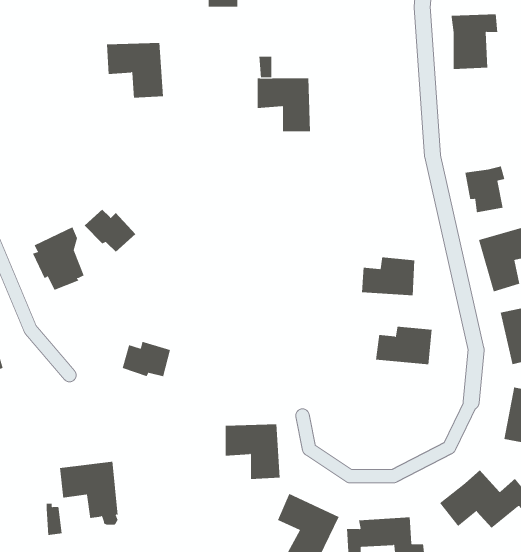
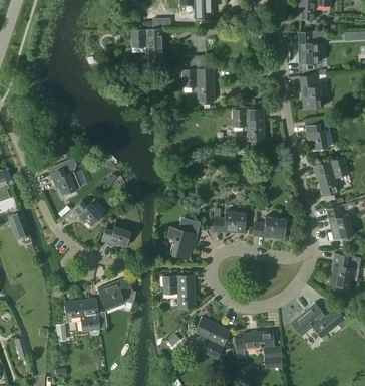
building: [106,42,164,98] -> [130,29,164,62]
building: none -> [299,75,324,110]
building: none -> [232,109,265,142]
building: [84,209,136,253] -> [71,201,102,227]
building: [361,257,415,296] -> [213,211,245,234]
building: none -> [166,219,200,259]
building: none -> [97,277,135,309]

